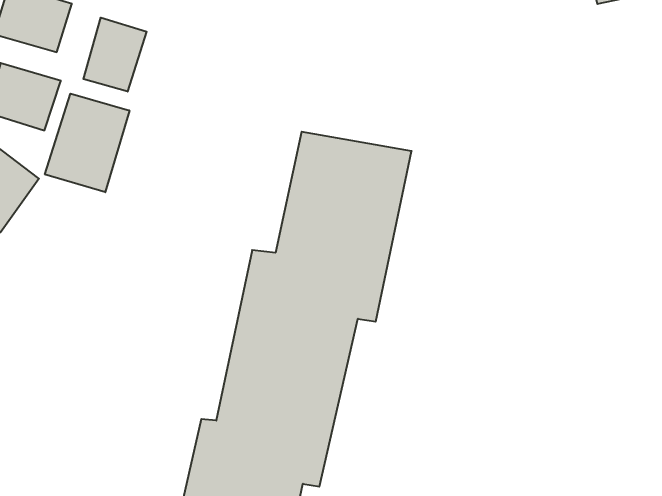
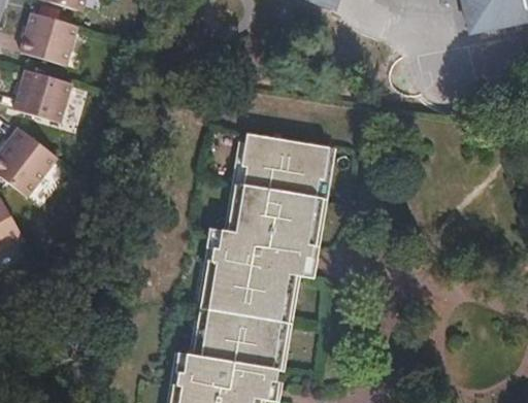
building: [83,18,147,92] -> none
building: [45,94,129,192] -> none

